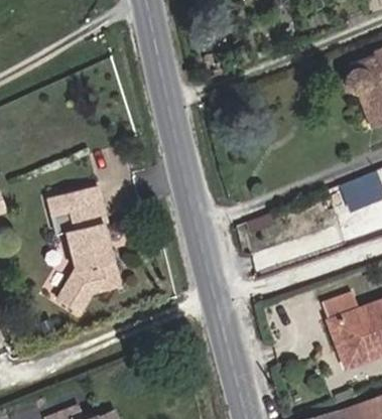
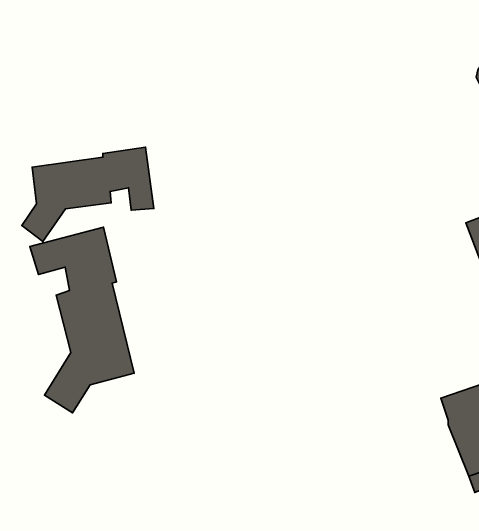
building: none -> [22,147,154,241]

